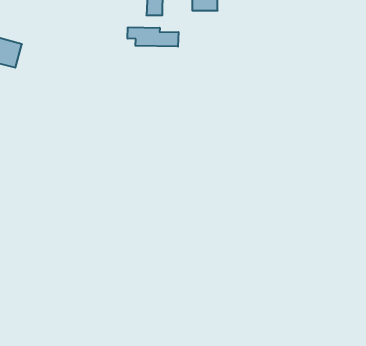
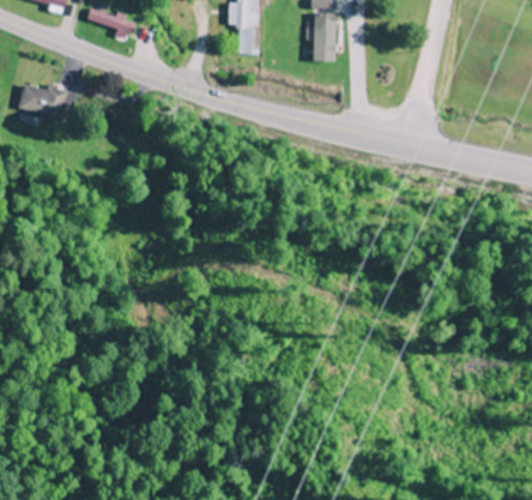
building: [128,27,178,47] -> none

